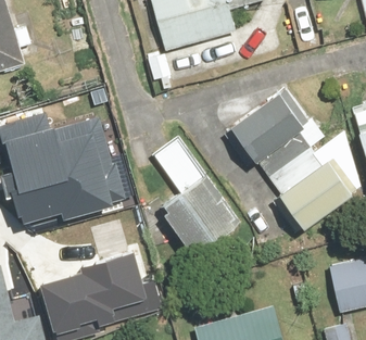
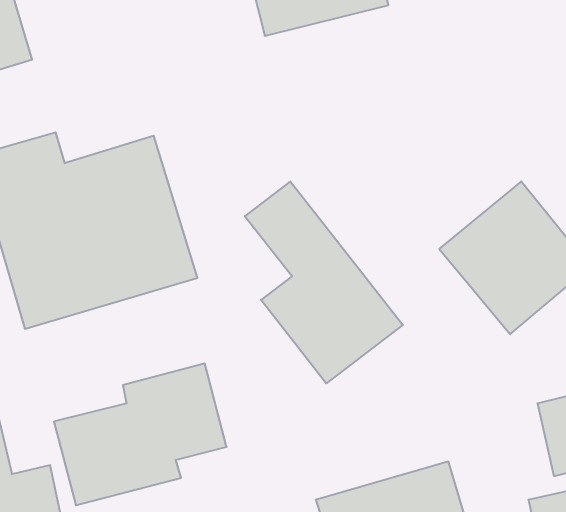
building: [237,90,312,161] -> none

